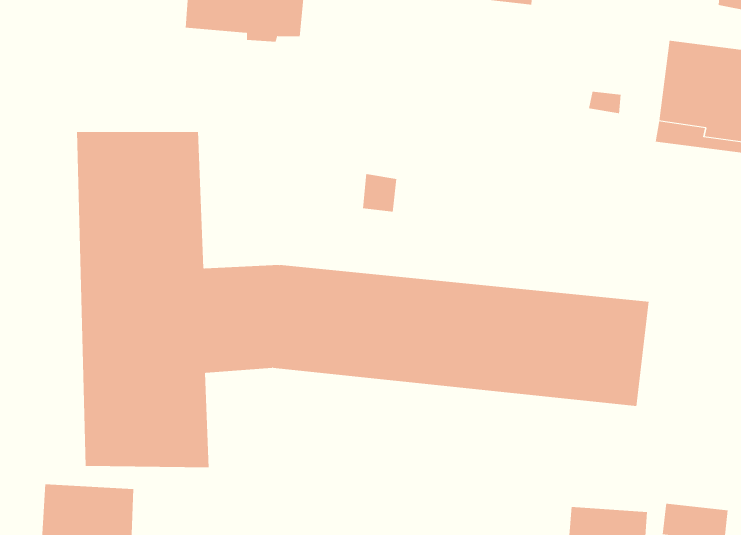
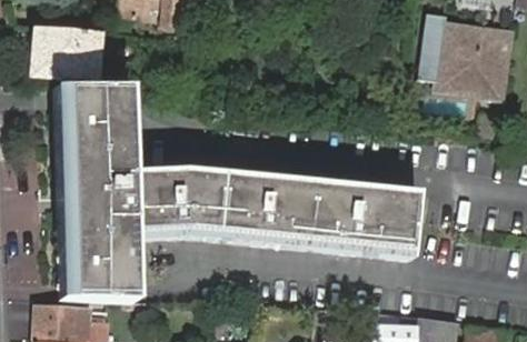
building: none -> [37,30,99,74]

